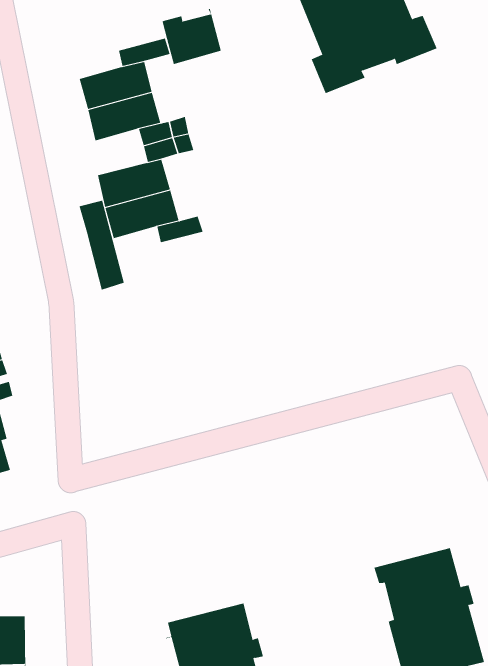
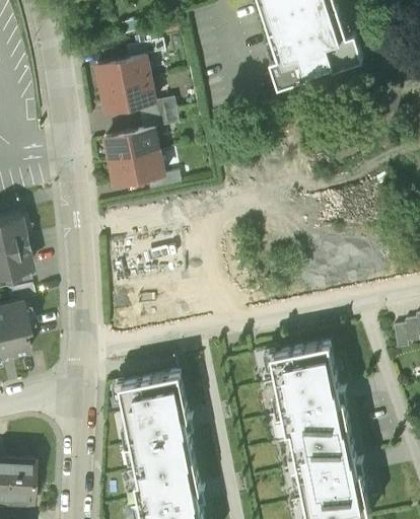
building: [162,8,222,65] -> none
building: [79,200,125,291] -> none
building: none -> [272,342,349,440]
building: none -> [121,372,194,471]

